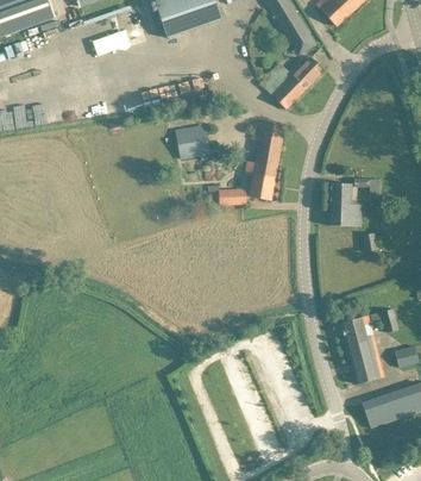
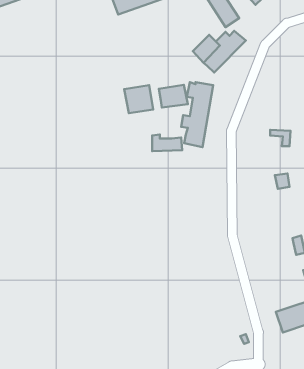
building: none -> [159,85,188,107]
building: [331,183,362,226] -> none
building: [341,316,384,383] -> none

